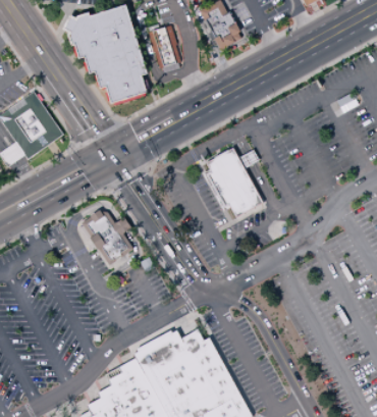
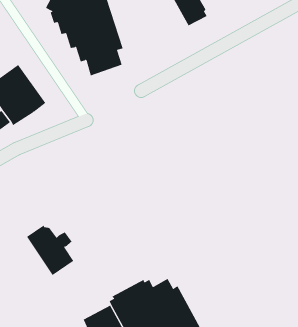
building: [148,25,180,69] -> none
building: [205,149,260,217] -> none
building: [80,210,133,266] -> [26,225,74,276]

